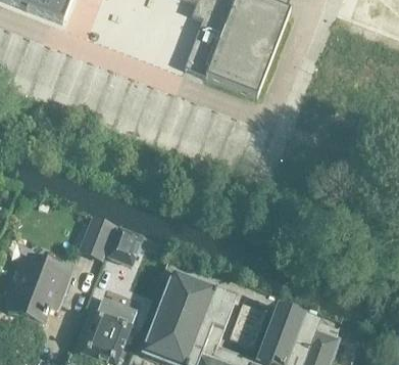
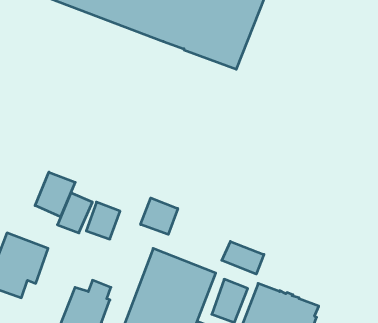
building: none -> [35,172,75,217]
building: none -> [141,198,178,234]
building: none -> [222,241,264,274]

